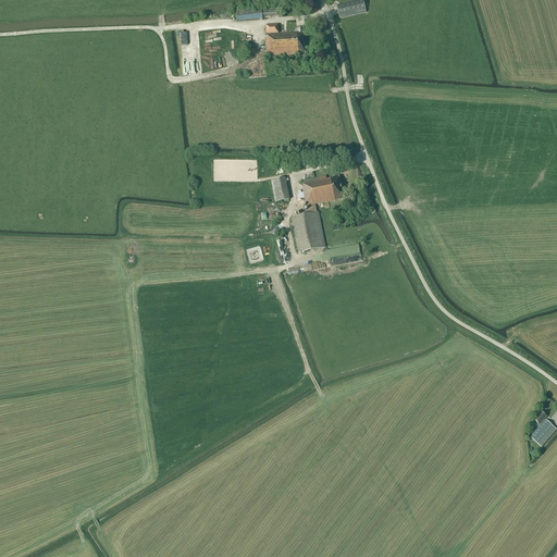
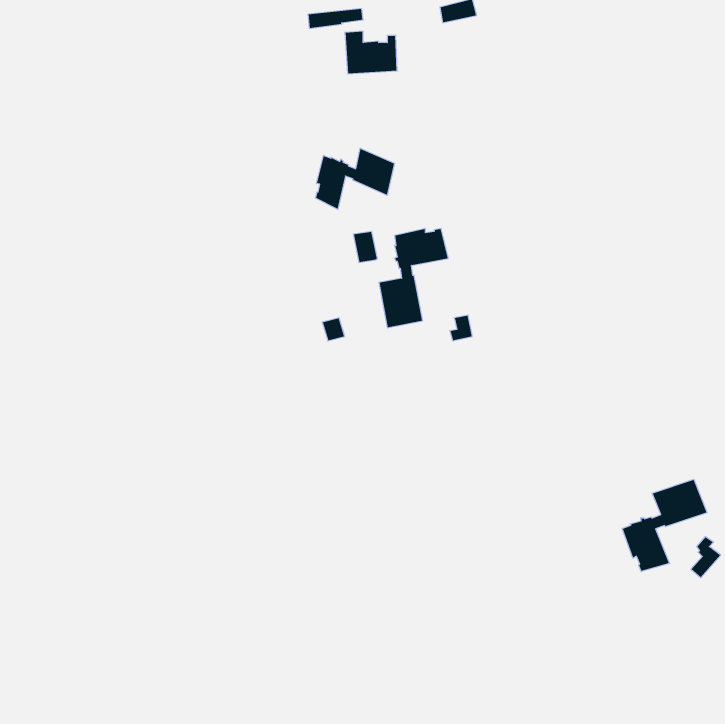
building: none -> [316,148,395,210]
building: none -> [622,479,707,572]

